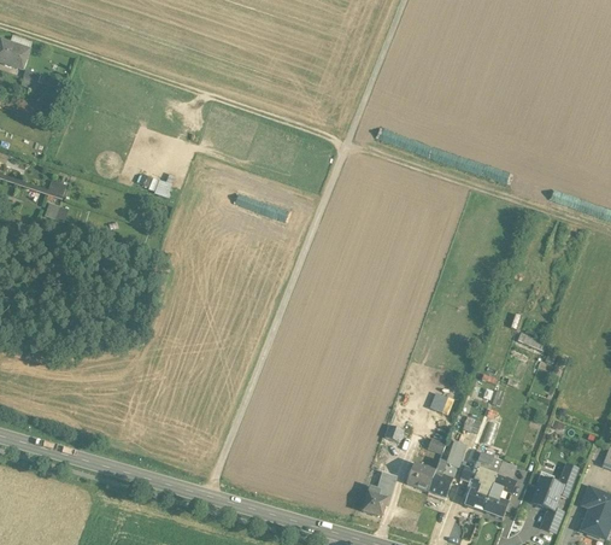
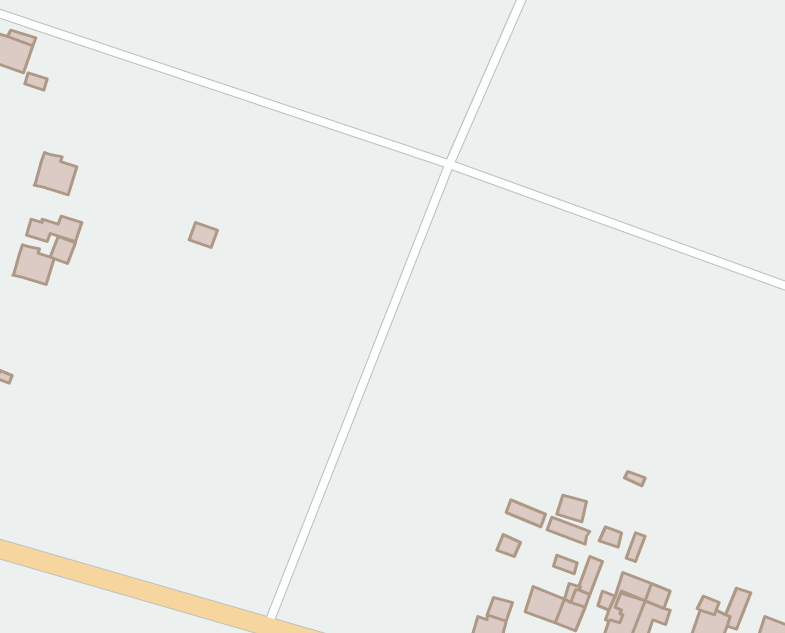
building: none -> [34,153,77,195]
building: none -> [13,245,54,285]

